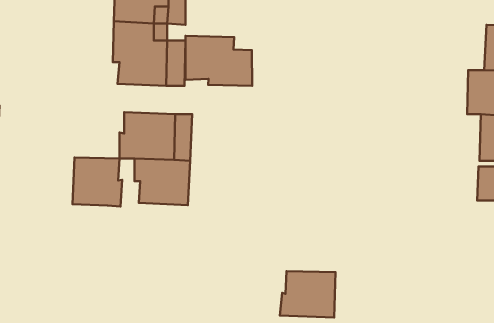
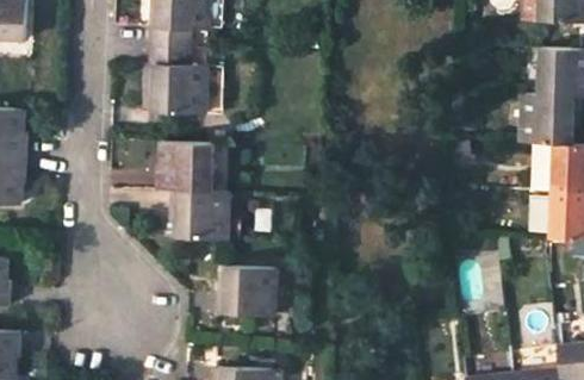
building: [185,36,252,86] -> none
building: [72,158,122,207] -> none
building: [280,271,335,318] -> [218,266,277,314]

